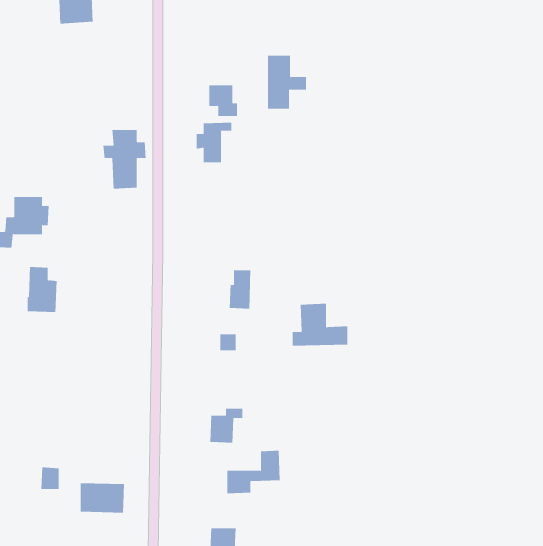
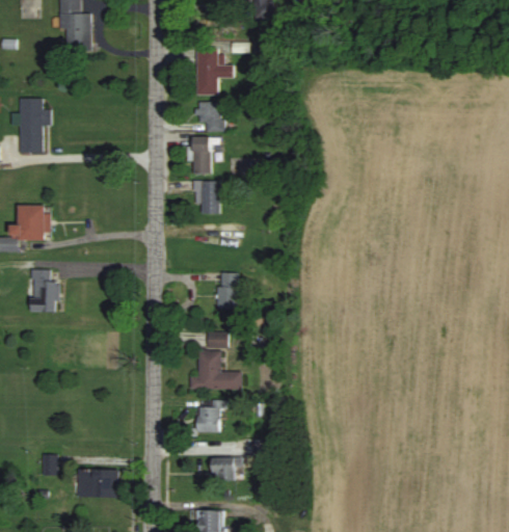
building: [267,55,307,109] -> [196,45,233,95]
building: [103,129,147,189] -> [10,98,51,153]
building: none -> [192,180,219,213]
building: [292,303,348,346] -> [191,350,243,390]

